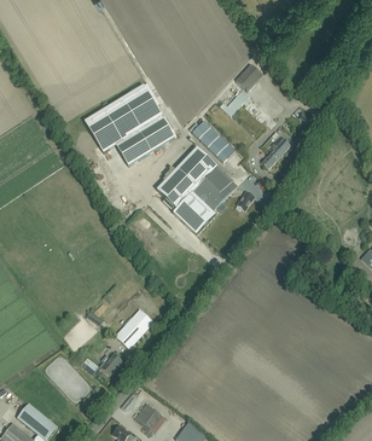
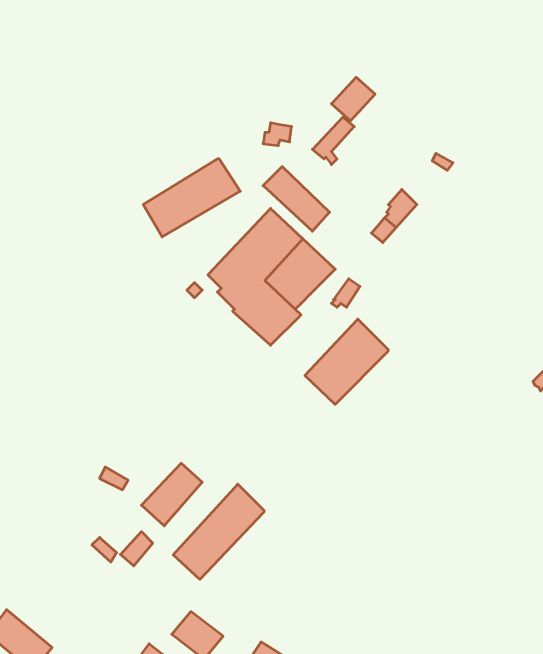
building: [83,83,162,153] -> none
building: none -> [305,319,388,404]
building: none -> [173,484,264,579]

